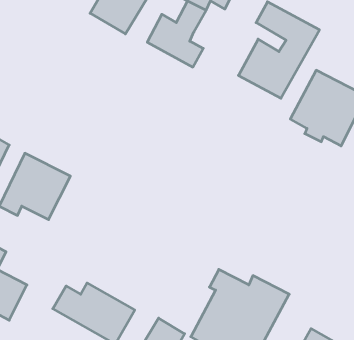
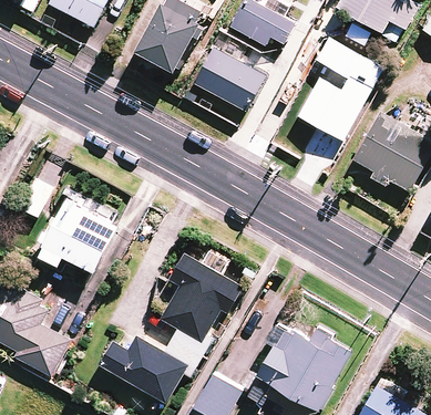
building: none -> [158,253,239,342]

